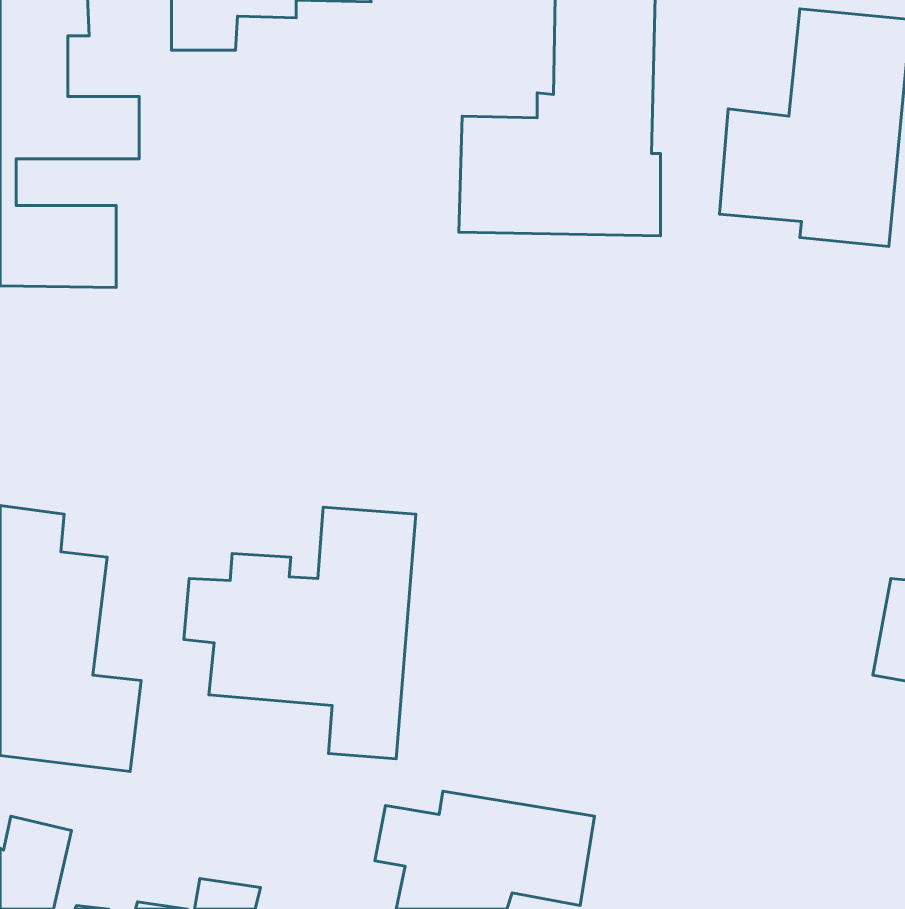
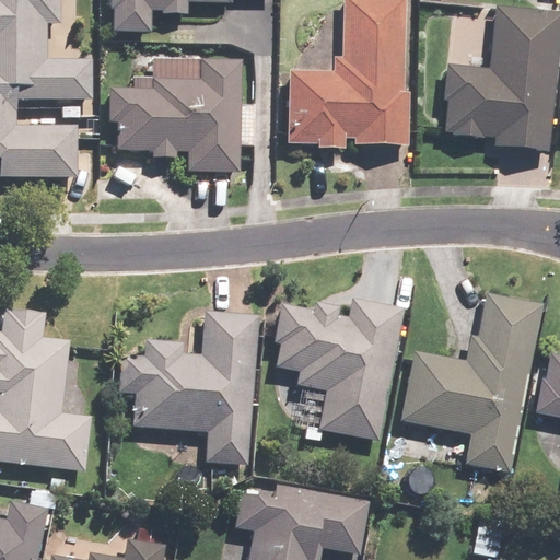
building: none -> [109,58,242,171]
building: none -> [401,293,542,472]
building: none -> [275,298,402,440]

